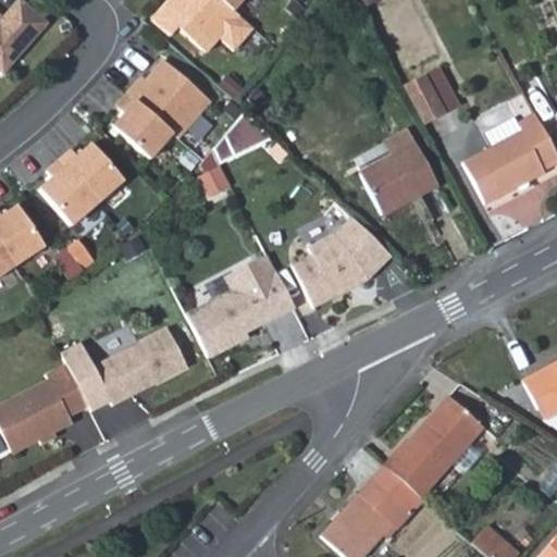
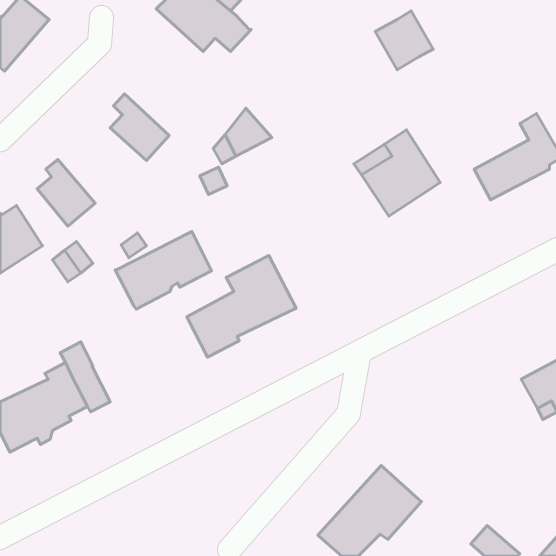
building: [126,60,209,140] -> none
building: [405,66,462,125] -> [375,11,433,70]
building: [60,144,123,202] -> none
building: [296,215,383,305] -> none
building: [94,326,189,404] -> [115,232,211,309]
building: [382,396,481,497] -> none

